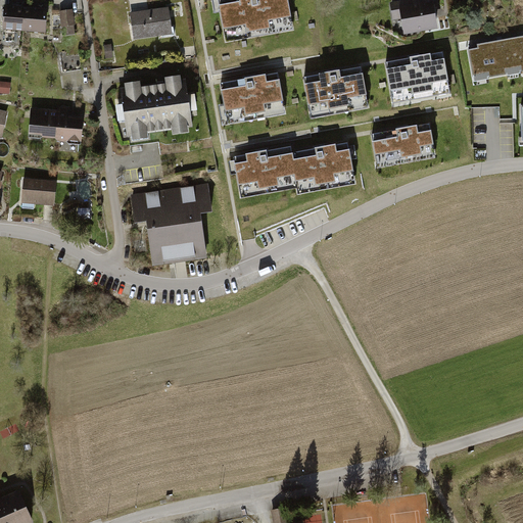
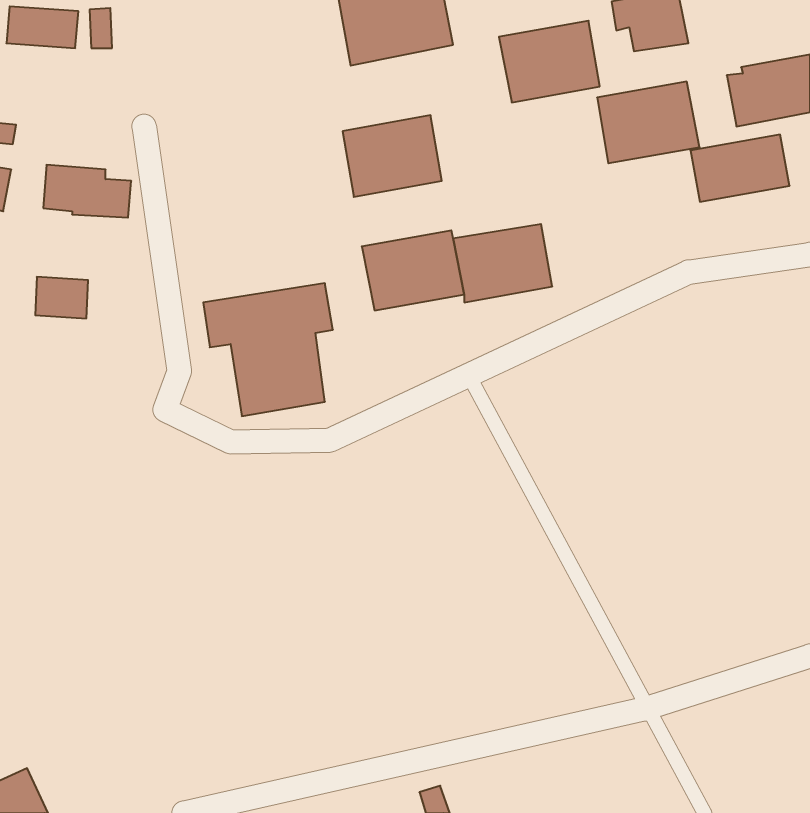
building: [129,4,172,37] -> none
building: [301,66,366,118] -> [499,21,600,102]
building: [123,72,196,140] -> none
building: [370,124,433,167] -> [690,135,790,202]

